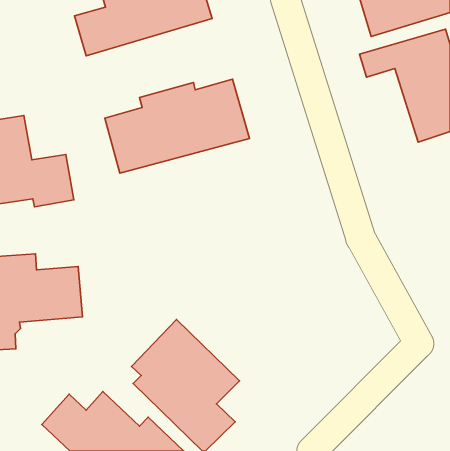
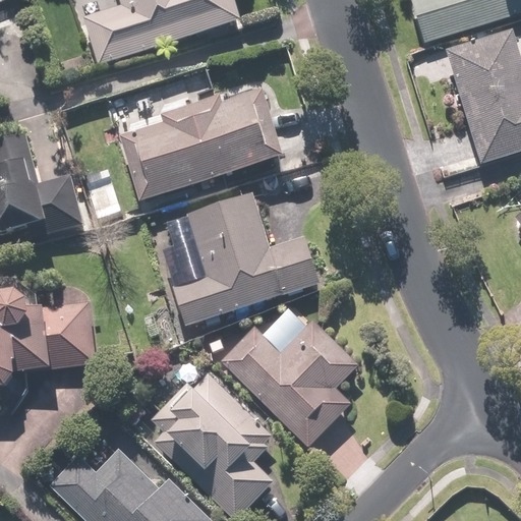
building: none -> [153,194,323,327]
building: none -> [217,307,359,447]

